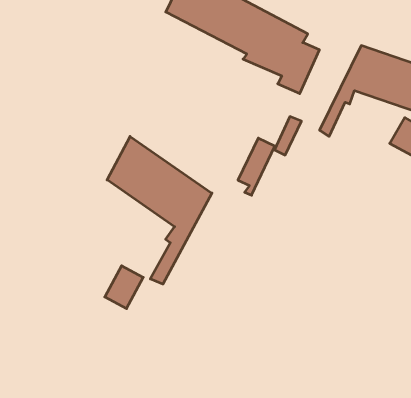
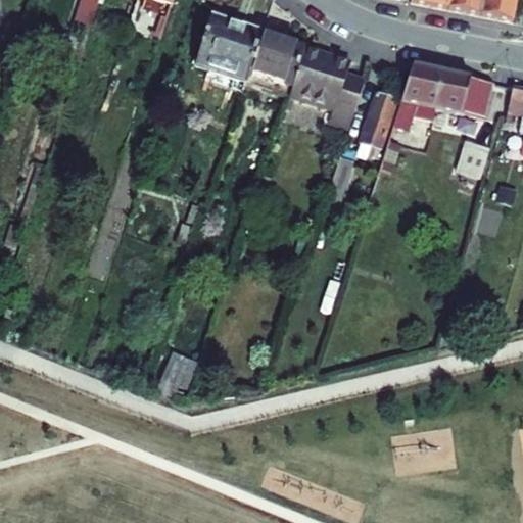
building: [107,136,212,284] -> none
building: [238,138,275,195] -> [359,89,393,152]

